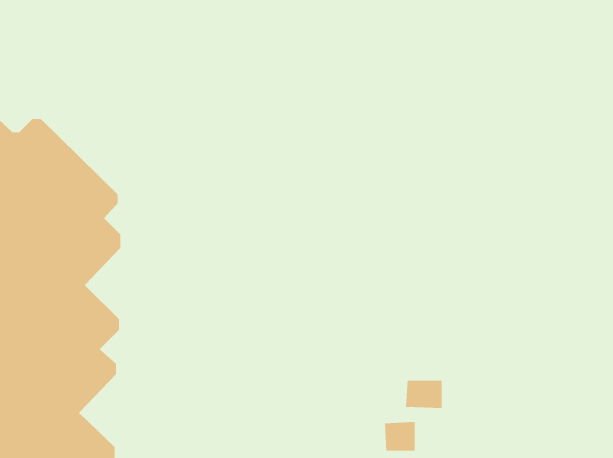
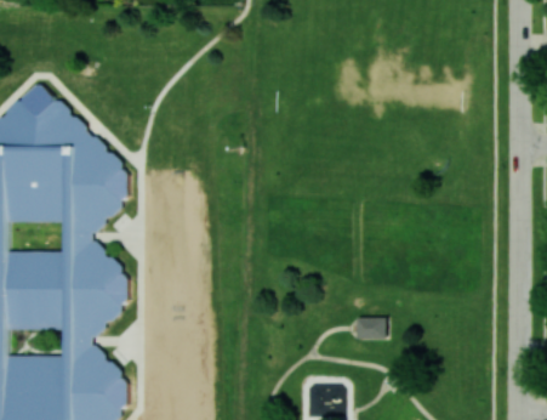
building: [384,421,415,452] -> none

